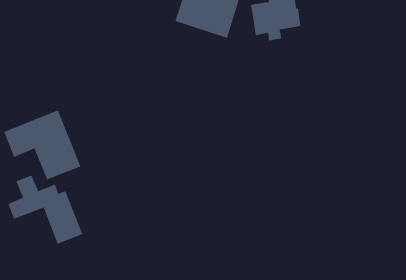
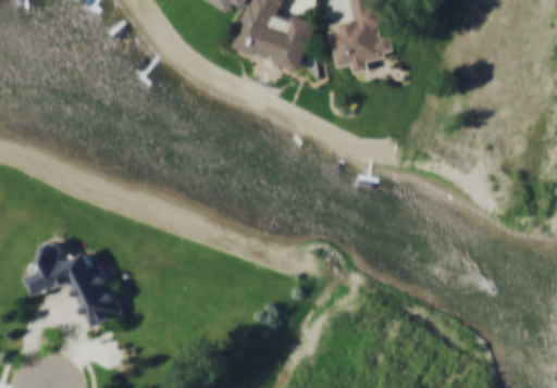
building: [4,109,81,180] -> none

